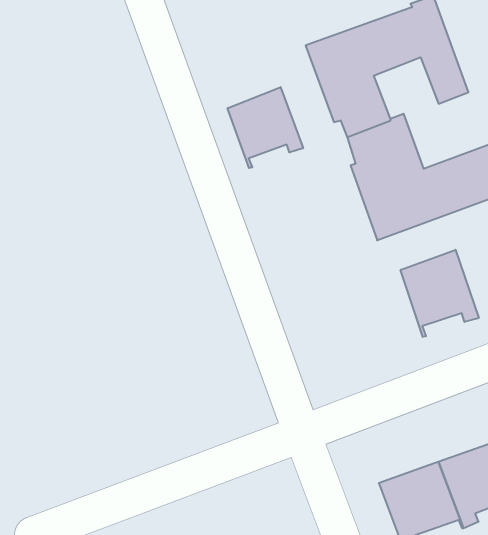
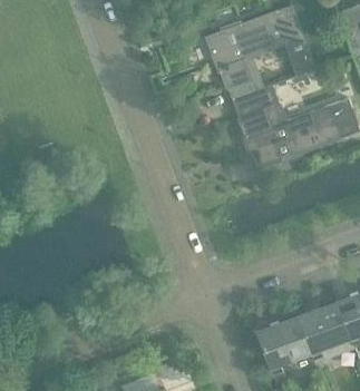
building: [228,87,303,168] -> none
building: [401,250,479,337] -> none

